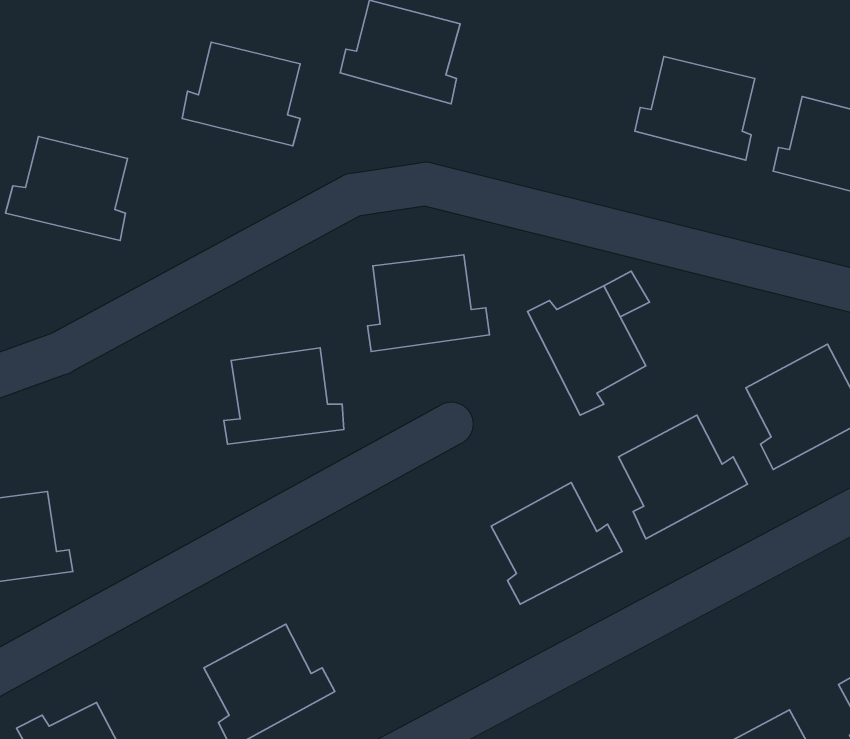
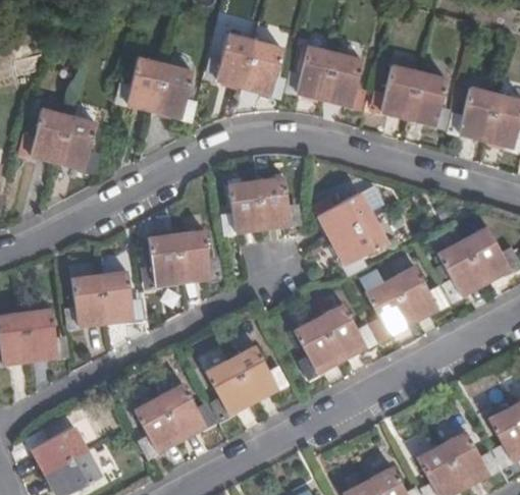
building: none -> [293,48,360,105]
building: none -> [70,272,137,325]
building: none -> [208,346,281,415]

